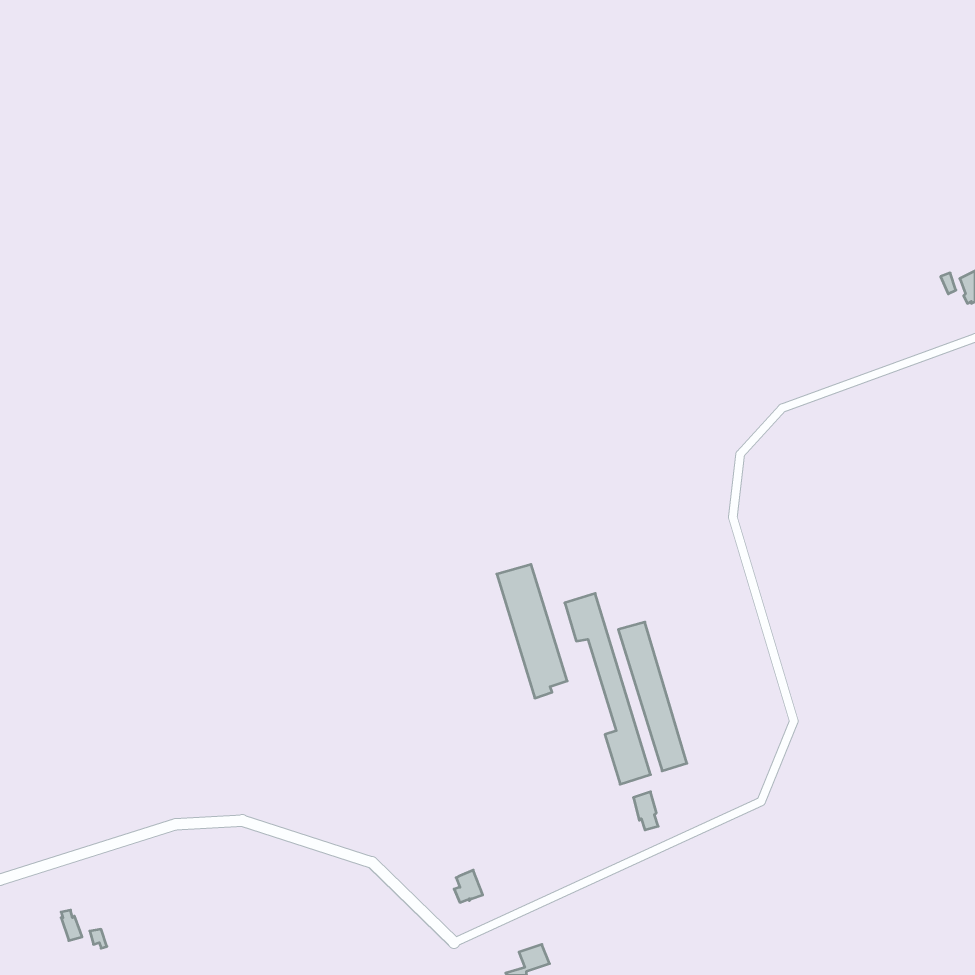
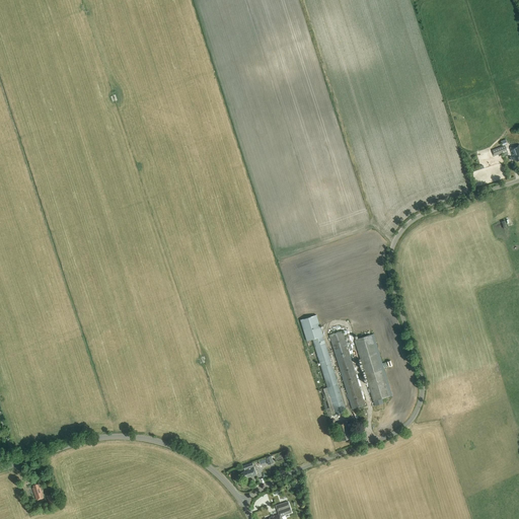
building: [497,564,567,698] -> [354,335,391,405]

